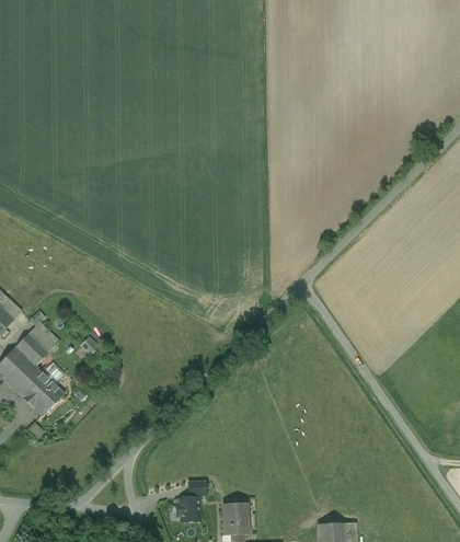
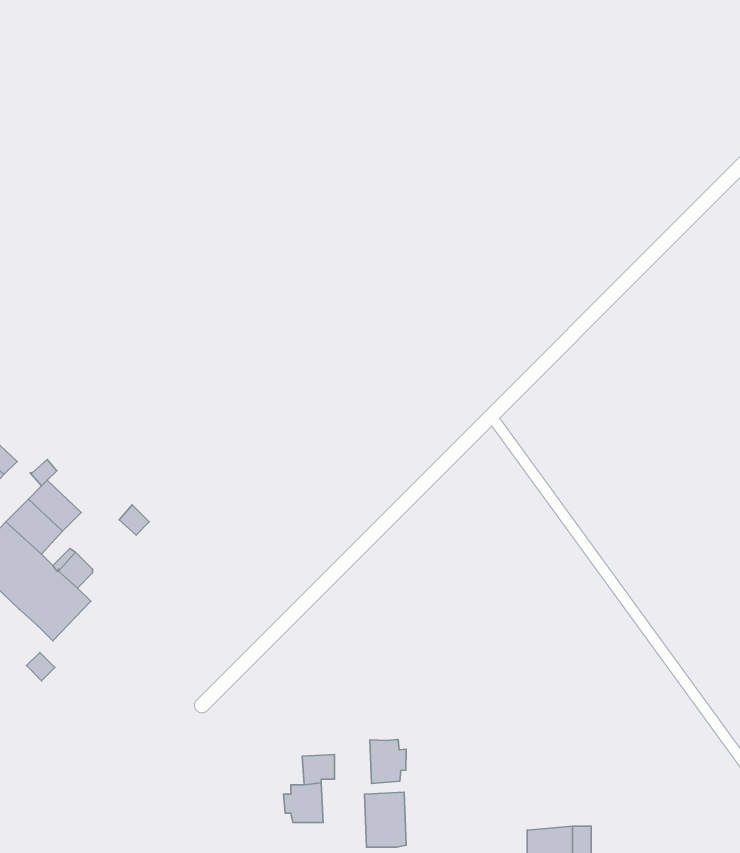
building: none -> [370,739,406,784]

